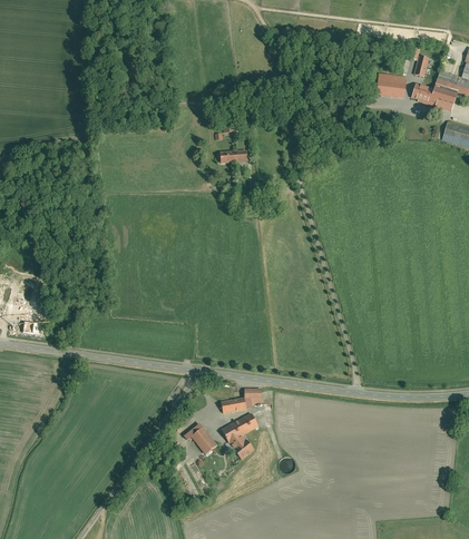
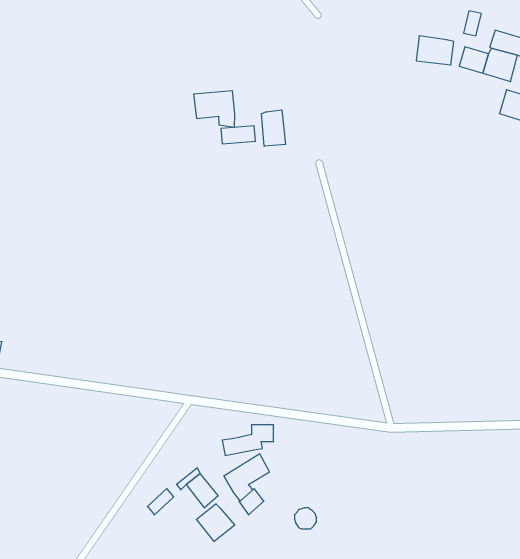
building: none -> [194,91,235,127]
building: none -> [262,110,285,146]
building: none -> [196,504,235,541]

